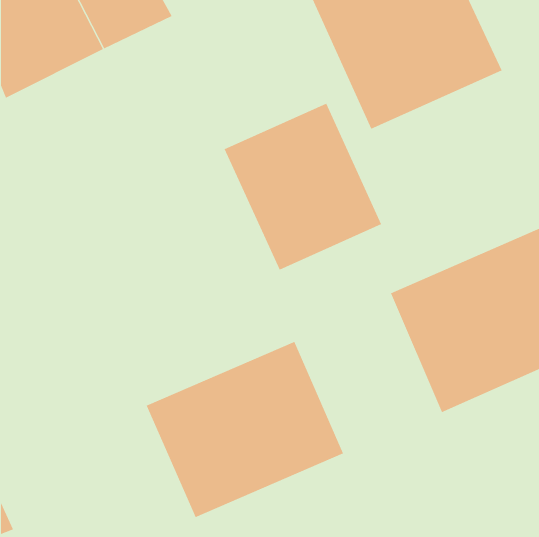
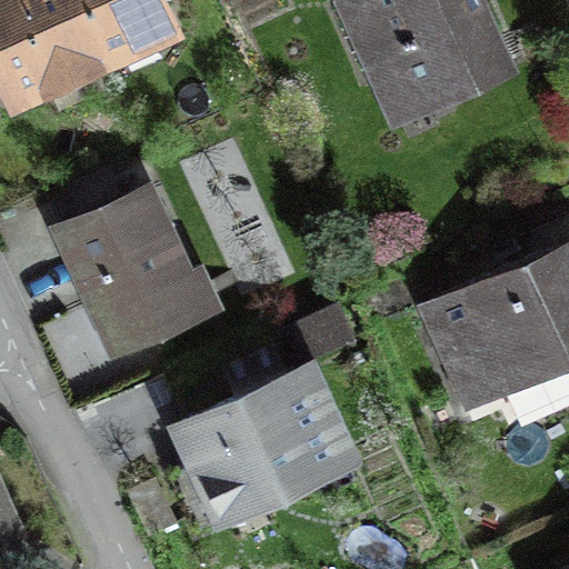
building: [224,103,382,271] -> none
building: none -> [41,168,233,383]

